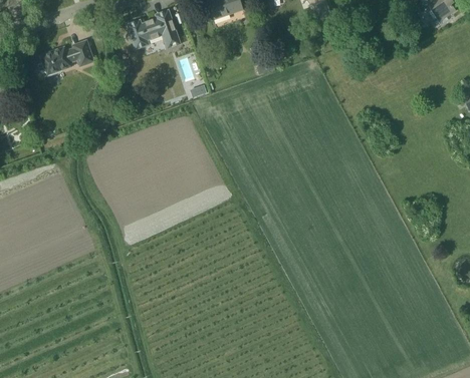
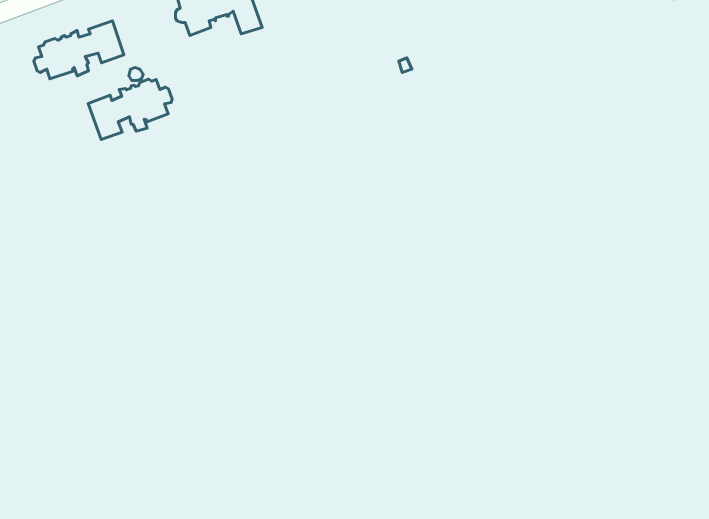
building: none -> [88,79,172,139]

